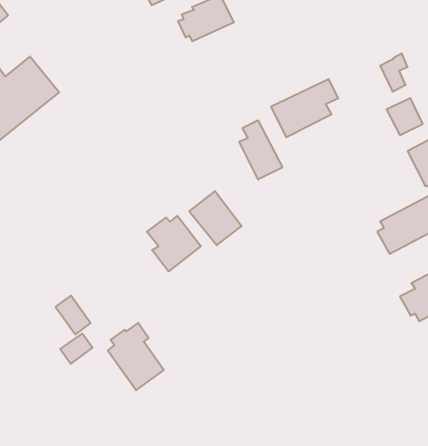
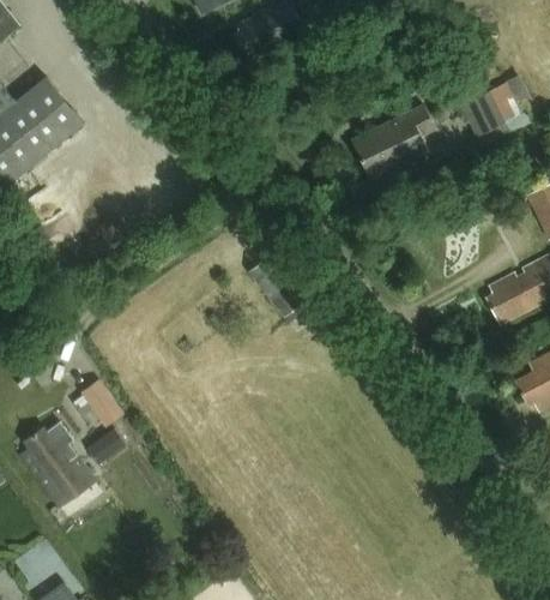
building: [387,98,423,135] -> [459,89,504,136]
building: [239,120,282,180] -> none
building: [147,216,201,271] -> none
building: [108,323,164,390] -> [22,421,92,506]

